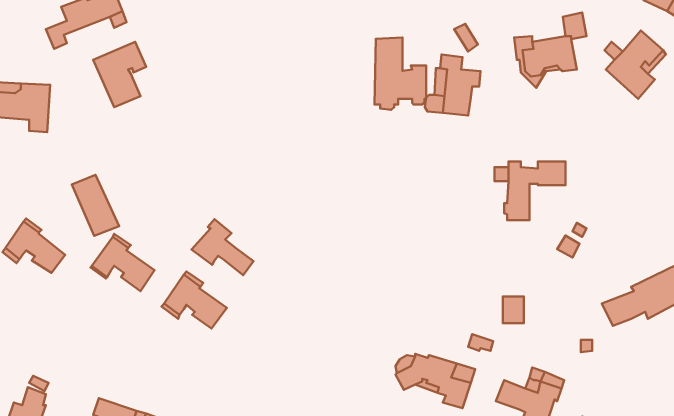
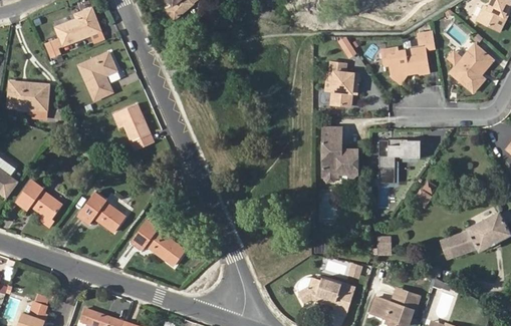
building: [374,38,426,110] -> [321,129,358,182]
building: [72,175,119,236] -> [118,103,153,147]
building: [191,219,254,275] -> none

